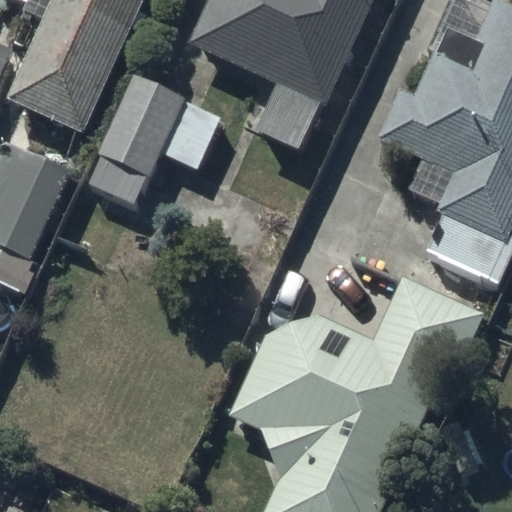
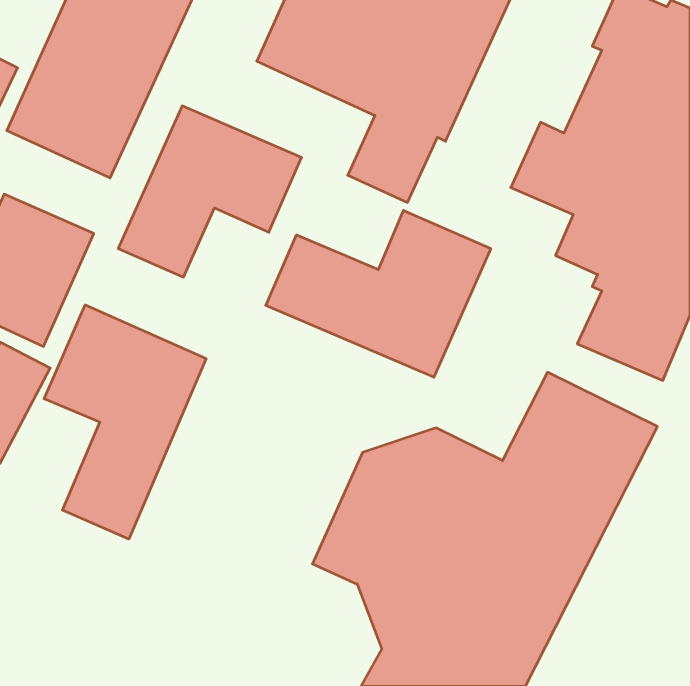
building: none -> [266,210,491,377]
building: none -> [44,305,206,539]

